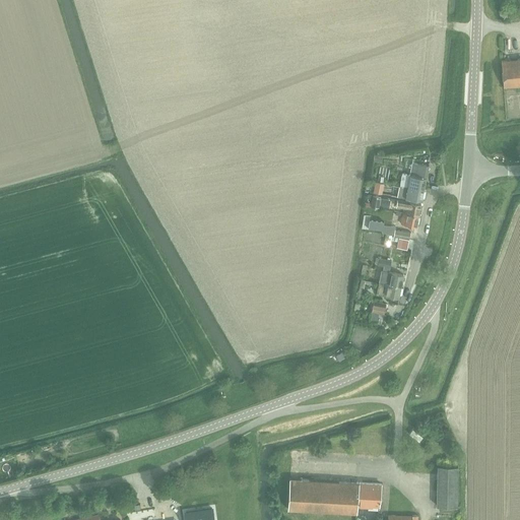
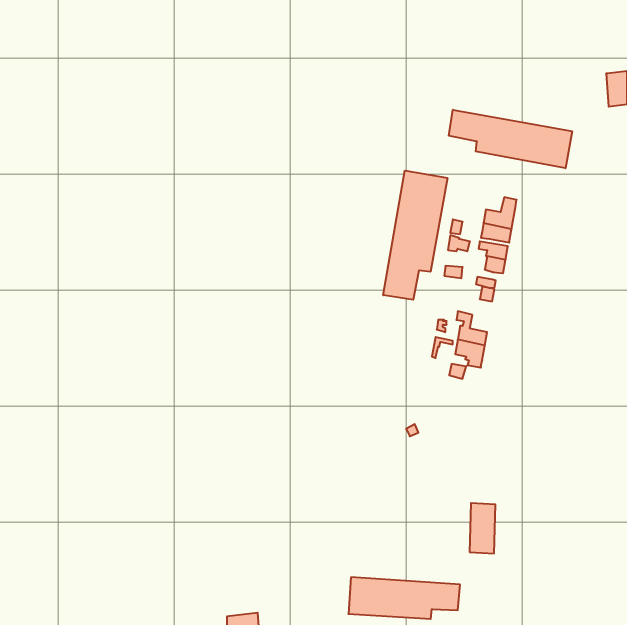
building: none -> [449,110,572,168]
building: none -> [383,171,447,300]
building: [437,466,458,508] -> [470,503,495,553]

